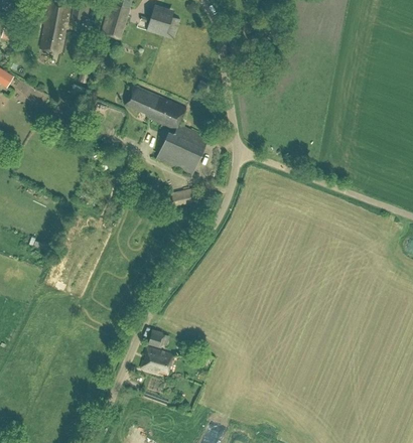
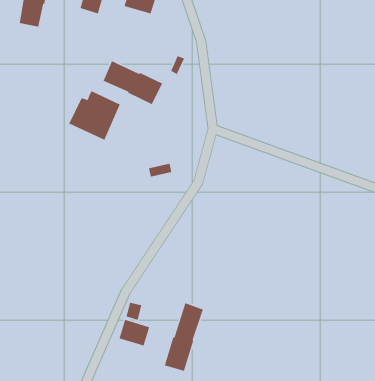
building: [155,125,209,176] -> [68,90,121,141]
building: none -> [164,302,204,372]

